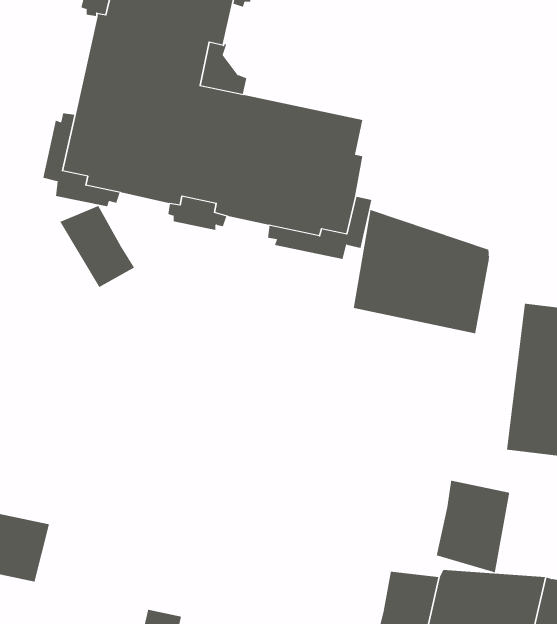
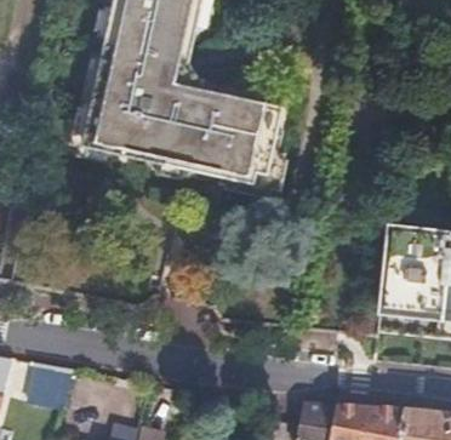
building: [60,205,135,288] -> none
building: [353,209,489,334] -> none
building: [436,480,510,573] -> none

